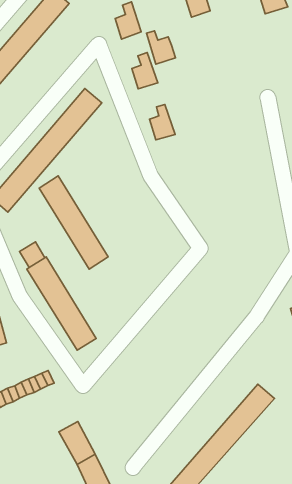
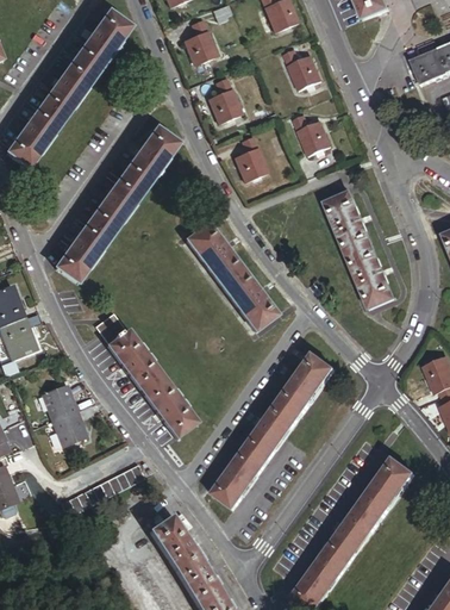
building: [146,31,175,64] -> [283,50,320,89]
building: none -> [292,116,329,154]
building: none -> [325,193,393,307]
building: [39,176,108,269] -> [185,223,274,330]
building: none -> [210,354,331,510]

